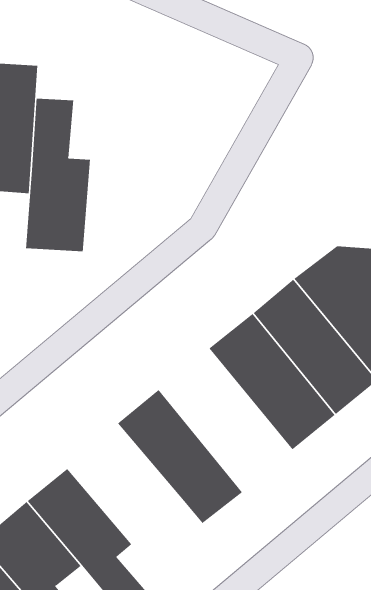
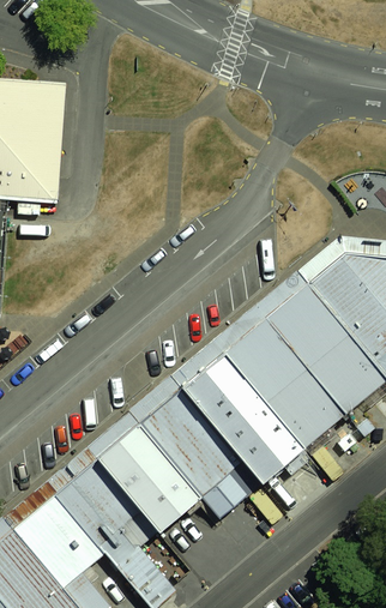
building: [26,98,91,252] -> none
building: none -> [180,350,306,486]
building: none -> [94,421,203,535]

